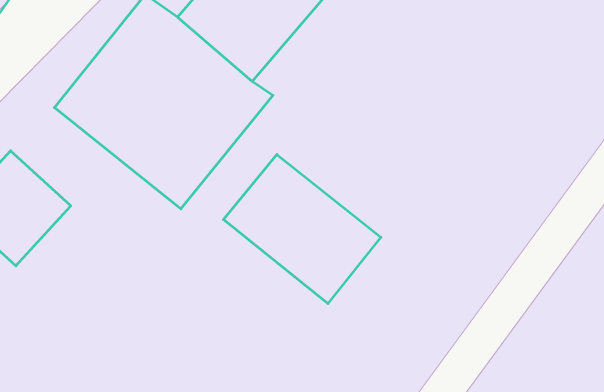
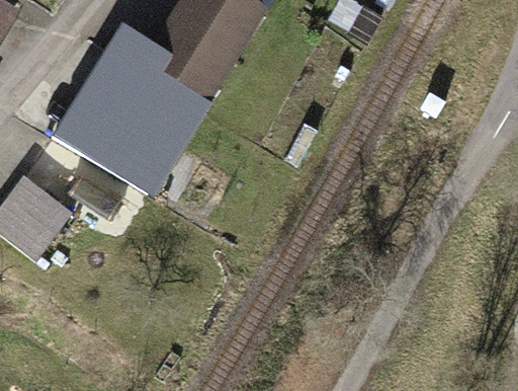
building: [223,154,381,304] -> none

